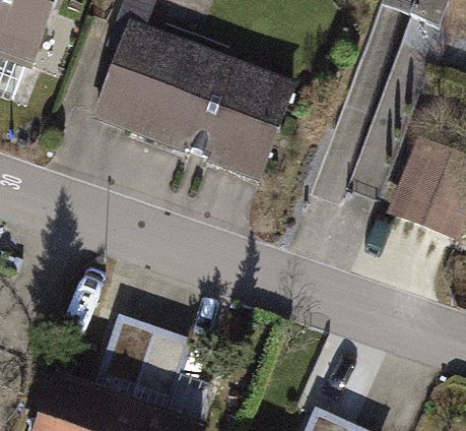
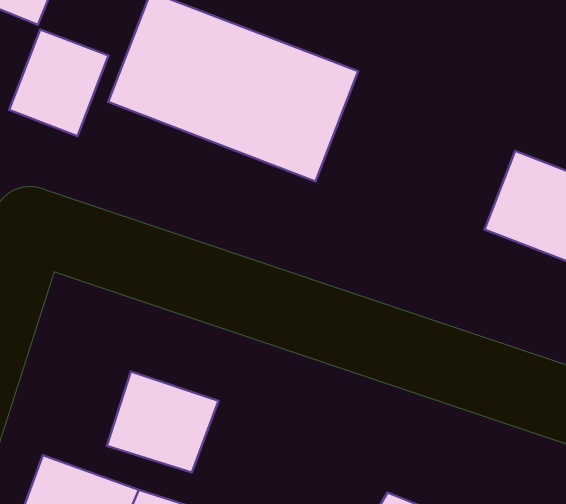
building: none -> [9,30,109,136]

